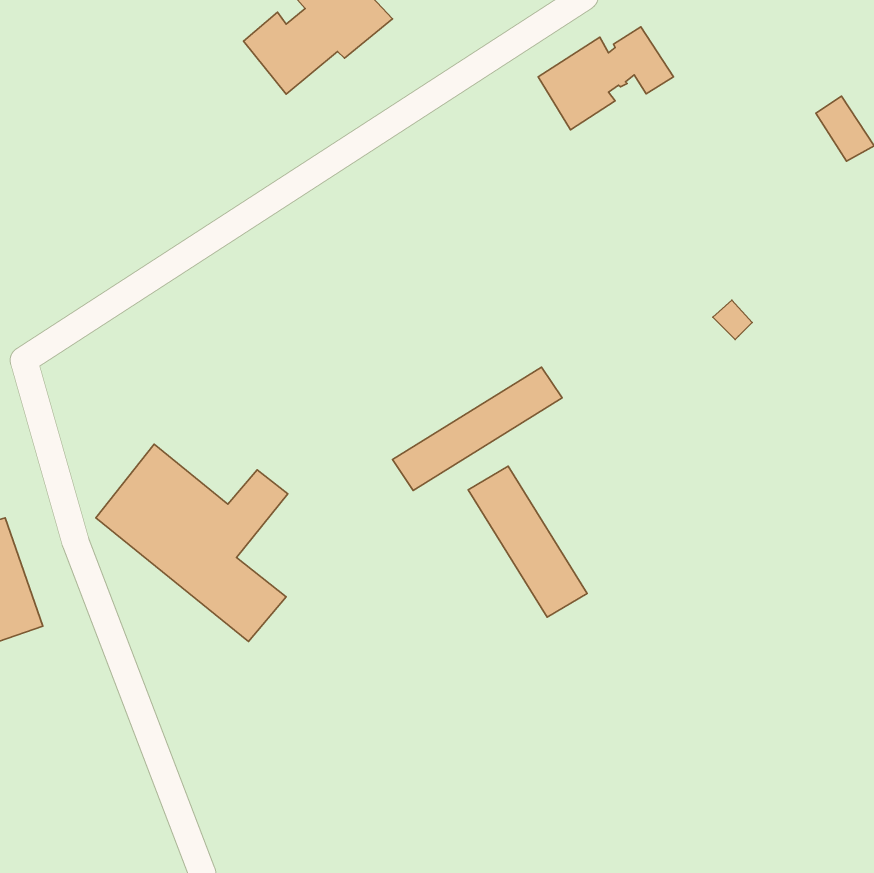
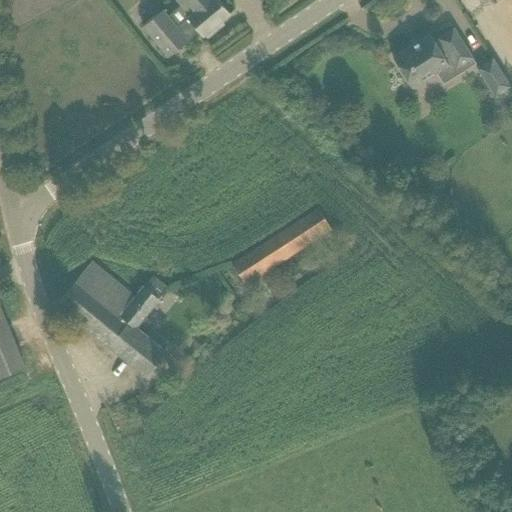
building: [538,27,673,130] -> [392,26,471,86]
building: [468,466,587,617] -> none

